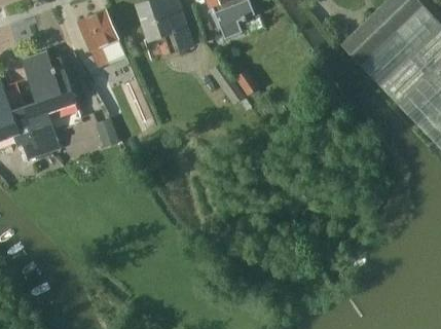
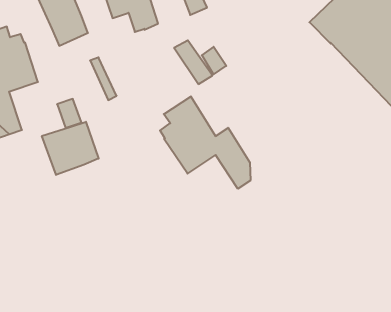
building: none -> [160,96,250,189]
building: none -> [42,122,99,175]

